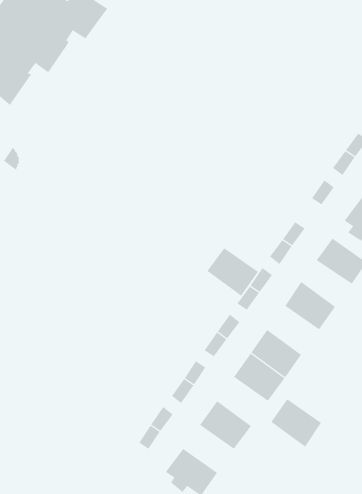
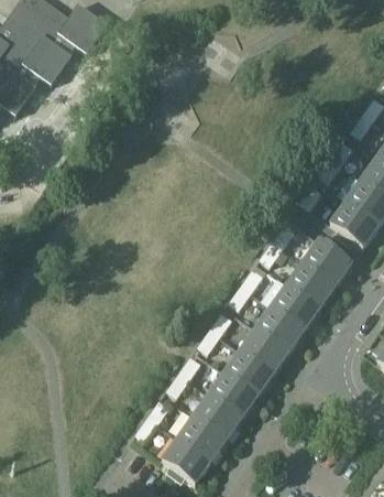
building: [206,247,259,296] -> [256,303,306,349]
building: none -> [288,260,337,304]
building: [270,398,322,448] -> [209,370,257,417]
building: none -> [177,415,226,461]

